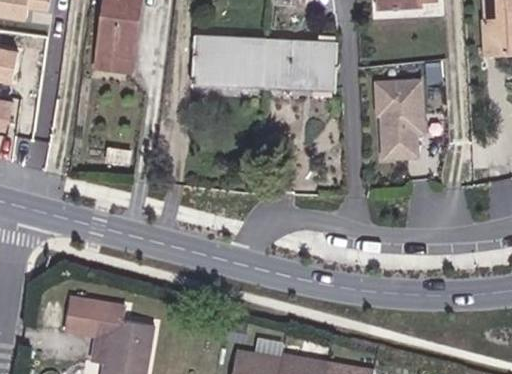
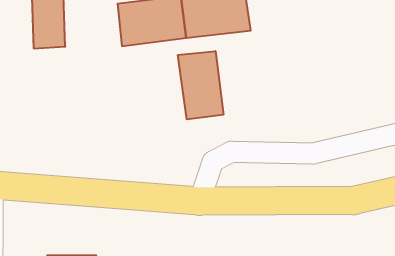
building: [380,74,426,156] -> none
building: none -> [178,51,223,119]

